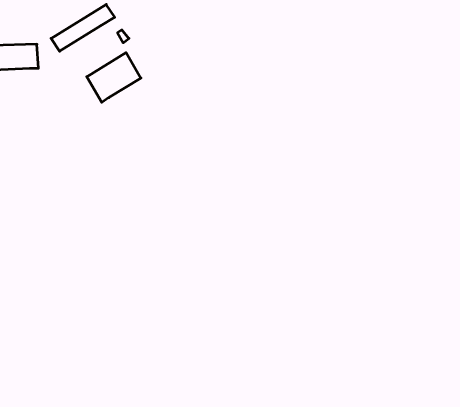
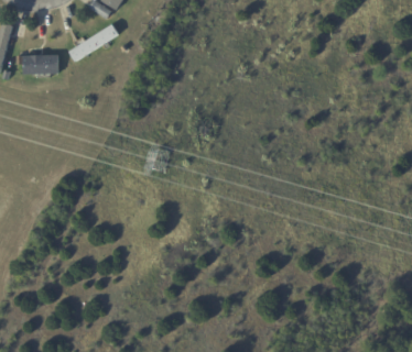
building: [87,53,141,102] -> none

